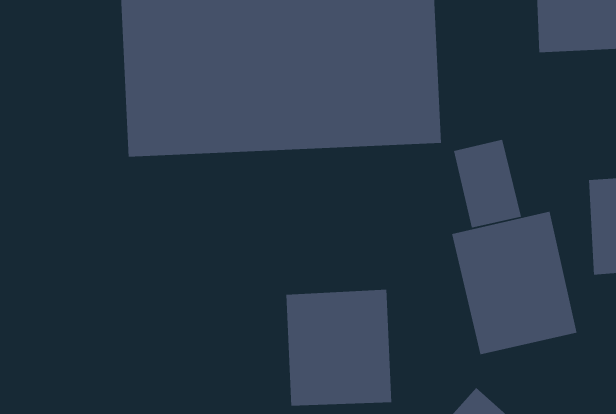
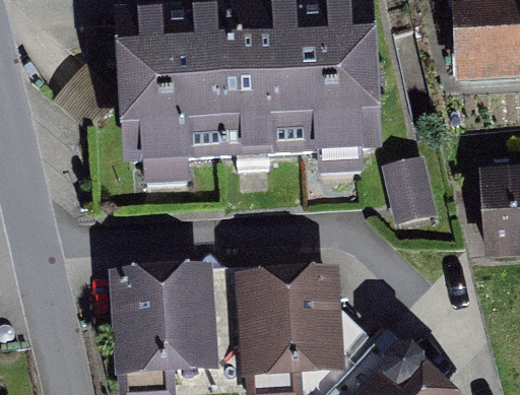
building: [452,211,577,355] -> none
building: none -> [117,267,216,365]

